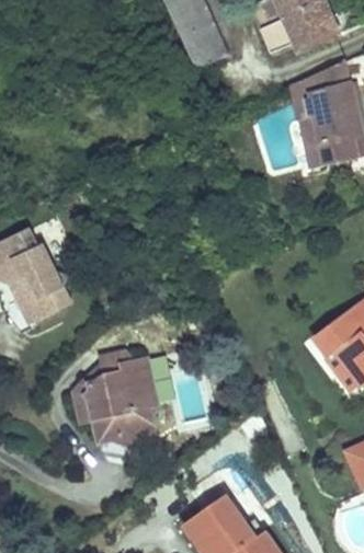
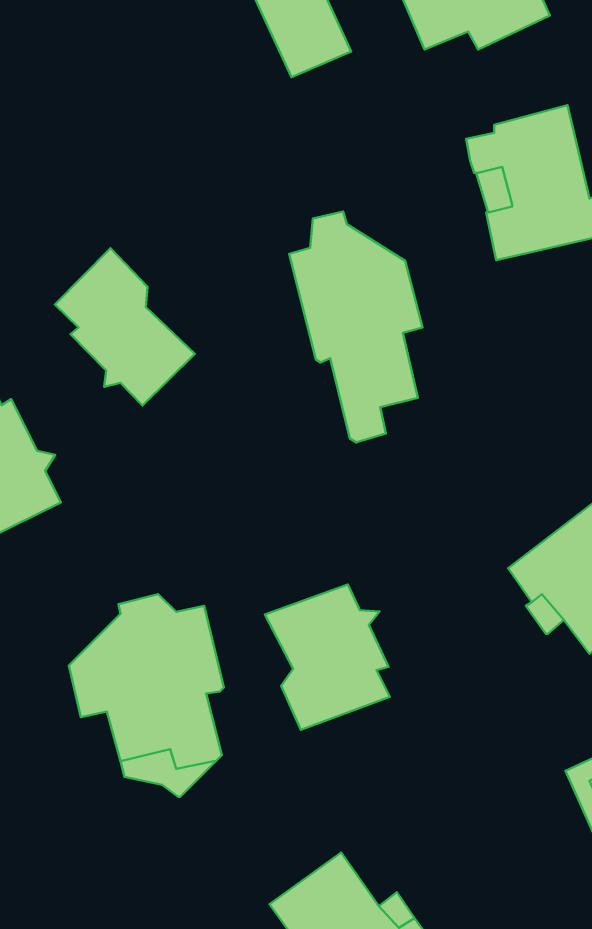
building: none -> [289,211,422,443]
building: none -> [55,248,195,405]
building: none -> [265,584,390,730]

